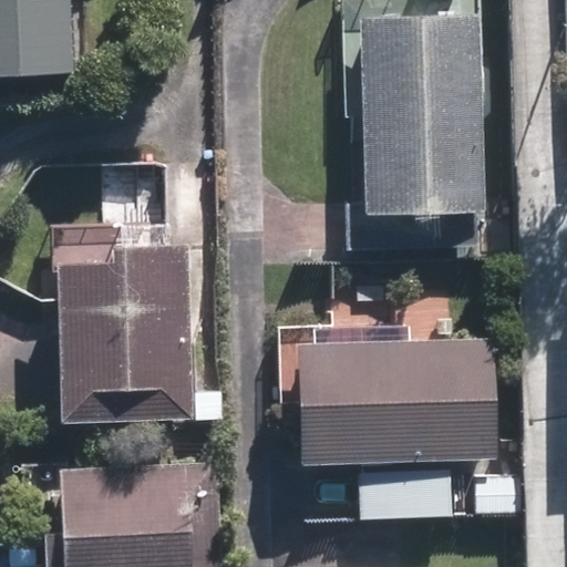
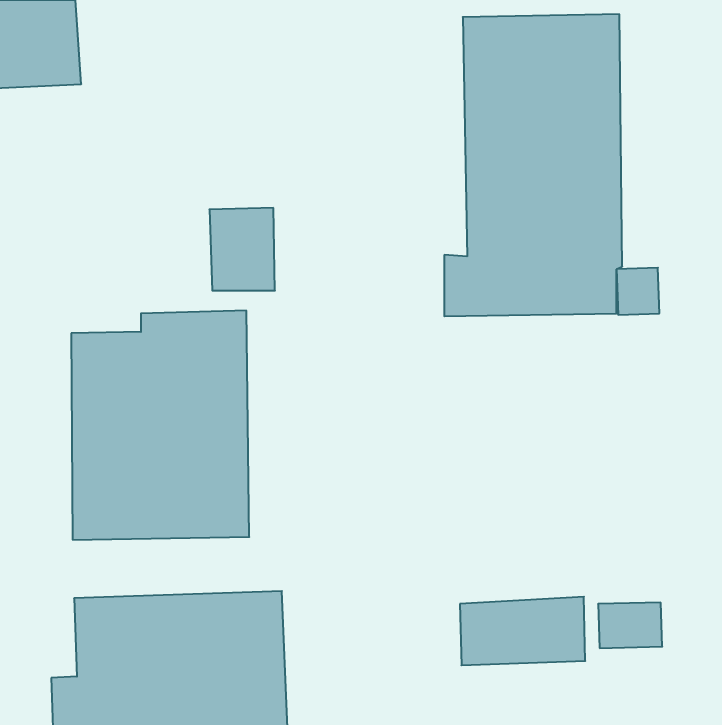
building: [295,336,499,464] -> none

